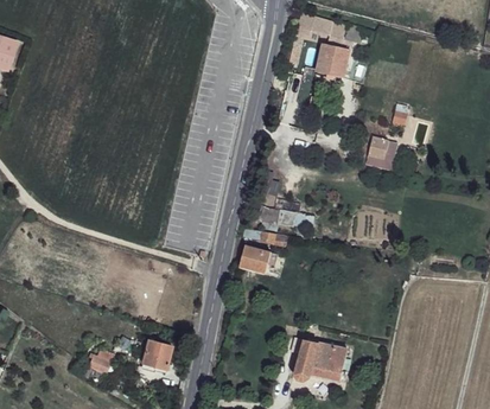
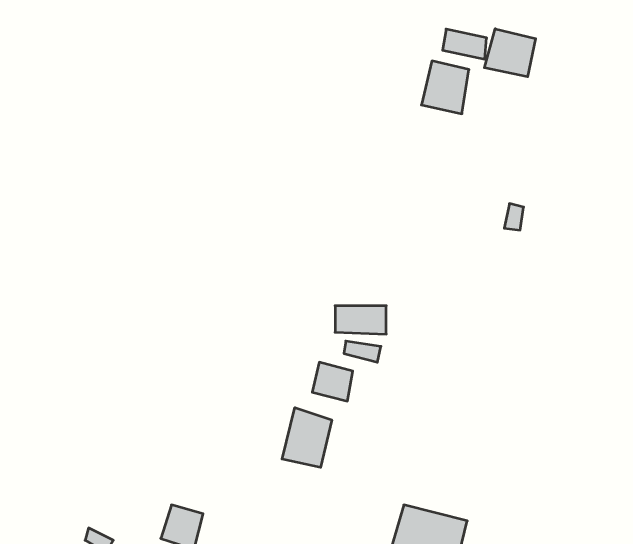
building: none -> [484,29,536,77]
building: none -> [282,408,332,467]

